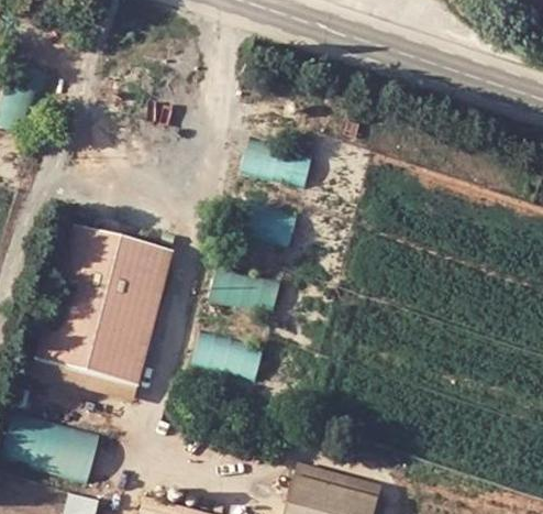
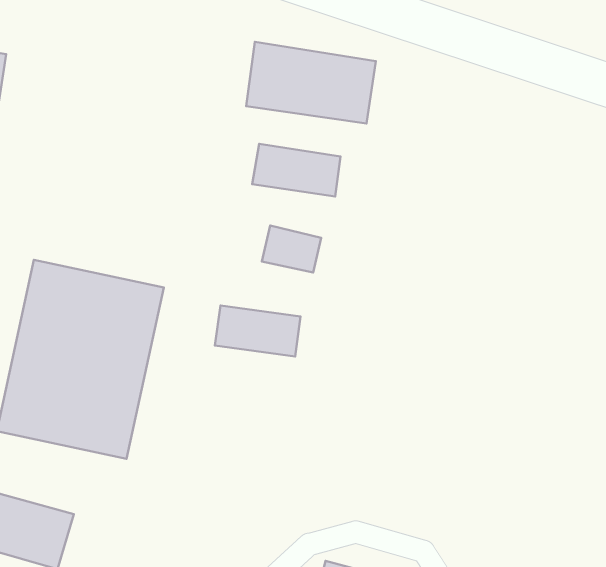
building: none -> [246,42,376,123]
building: [192,331,264,379] -> none

